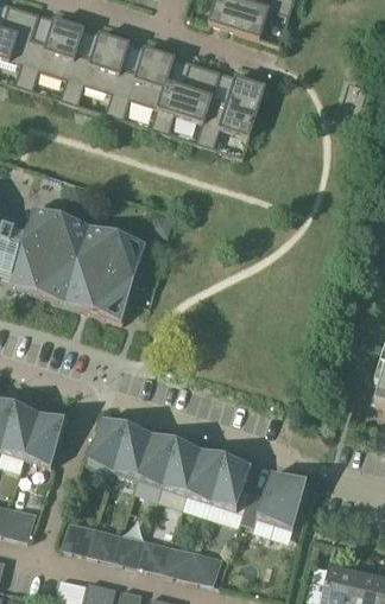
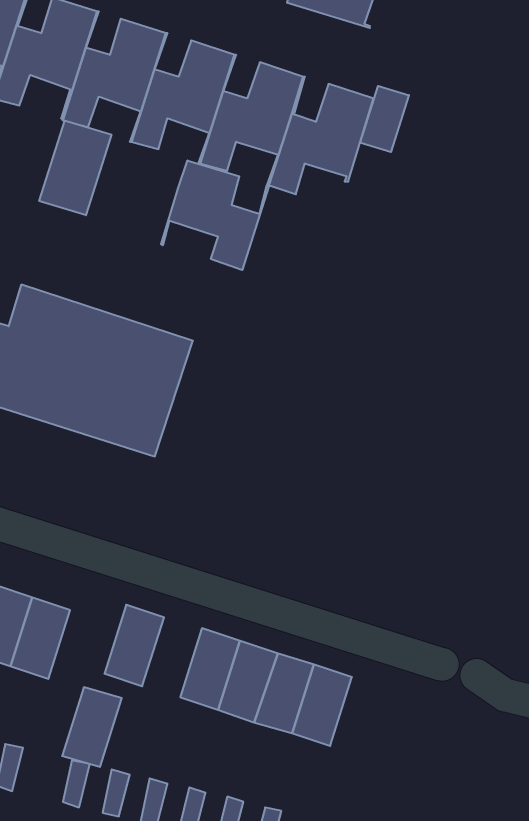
building: none -> [360,86,409,152]
building: none -> [39,121,111,215]
building: none -> [161,160,269,270]
building: [113,425,152,477] -> [62,687,122,767]
building: [240,470,307,527] -> none

